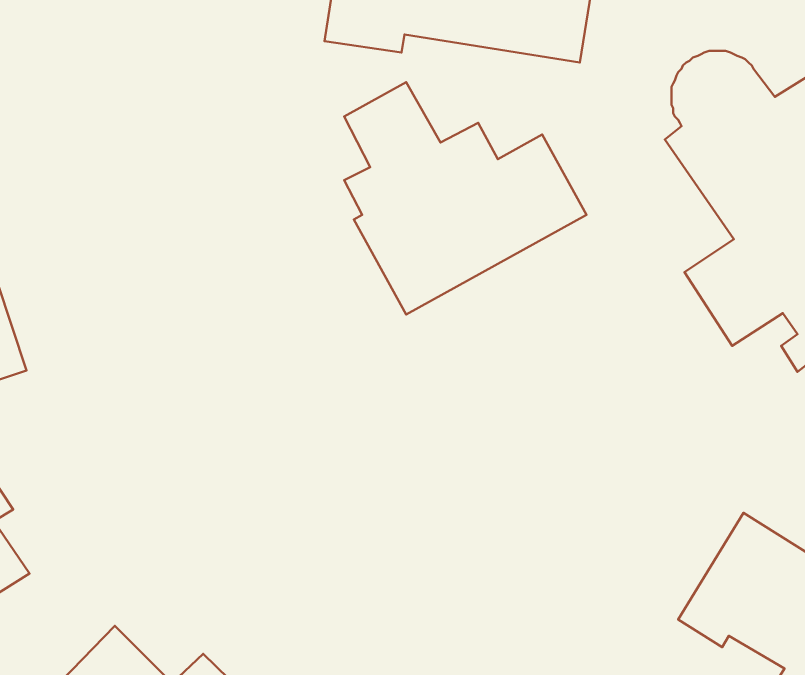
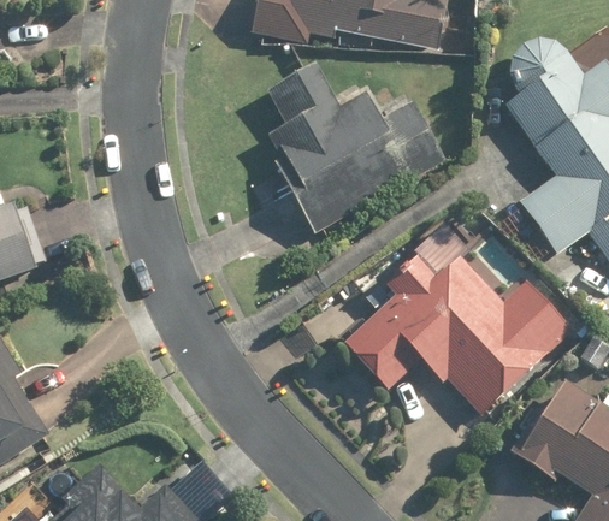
building: none -> [342,211,575,420]

